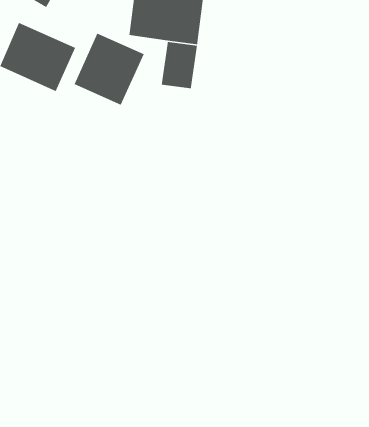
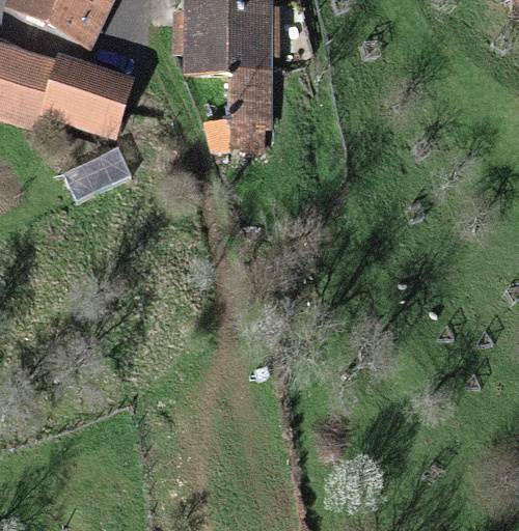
building: [73,32,145,106] -> none

